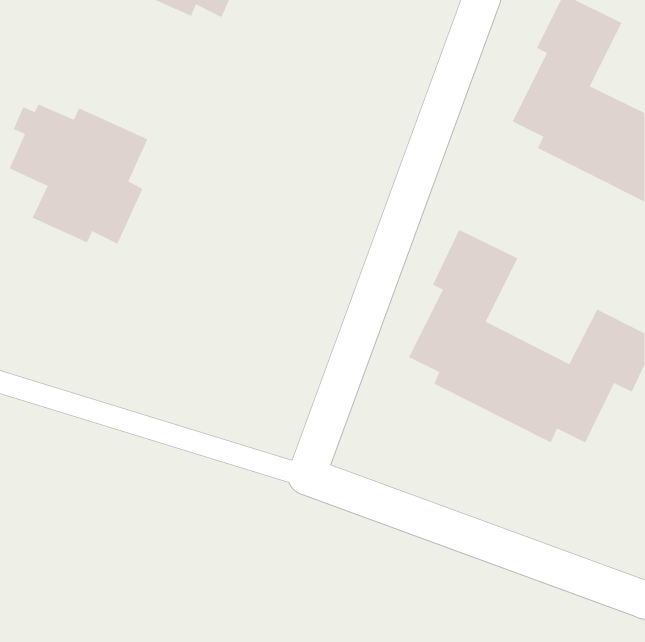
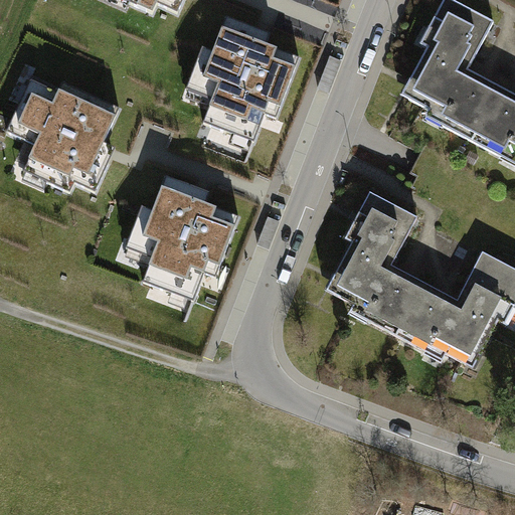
building: none -> [187,21,299,150]
building: none -> [126,180,237,310]

